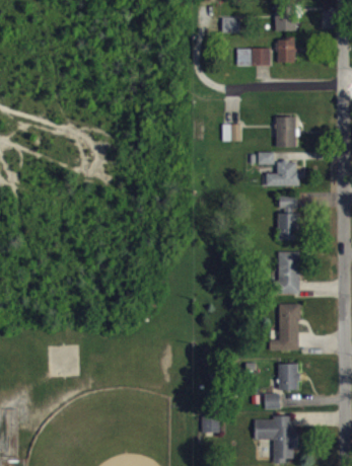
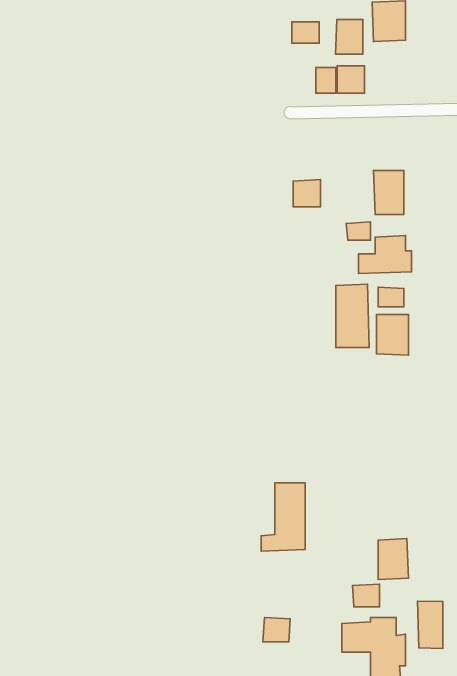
building: [277,38,295,62] -> [335,19,363,54]
building: [278,251,300,294] -> [336,284,369,348]
building: [270,305,299,351] -> [261,483,305,551]
building: none -> [418,601,443,648]

